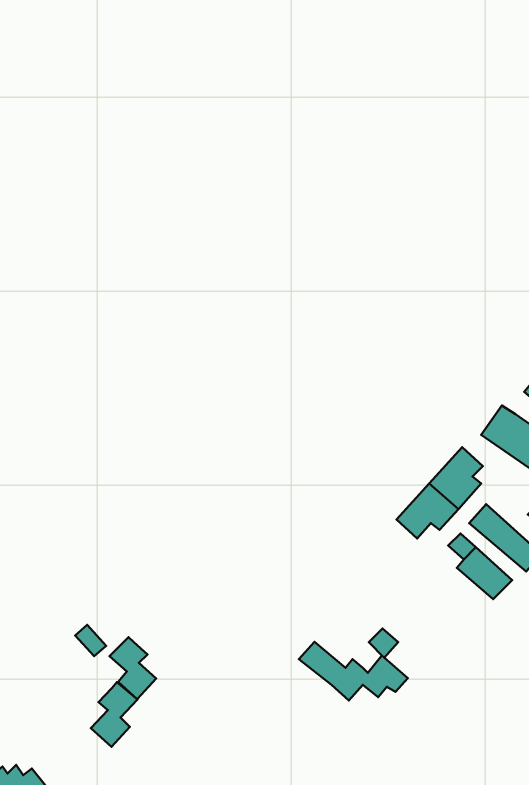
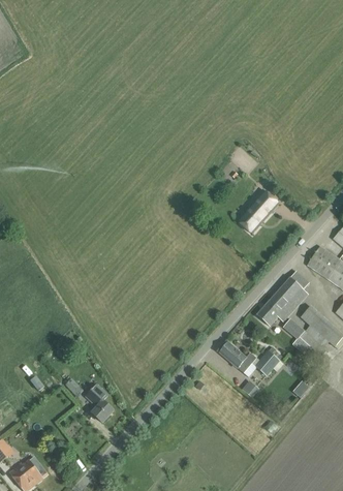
building: none -> [237,189,278,233]
building: [299,642,408,700] -> [218,341,283,376]
building: [91,682,137,747] -> none

